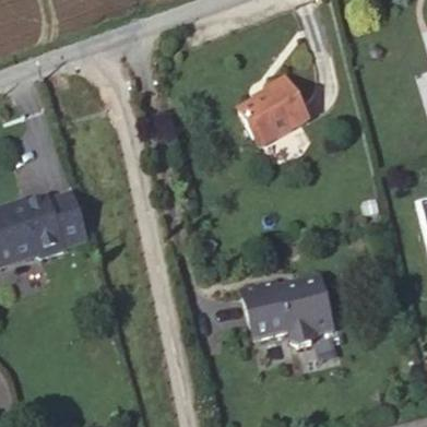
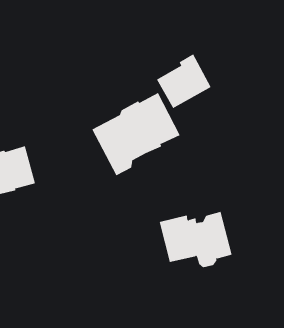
building: none -> [92,92,181,176]

